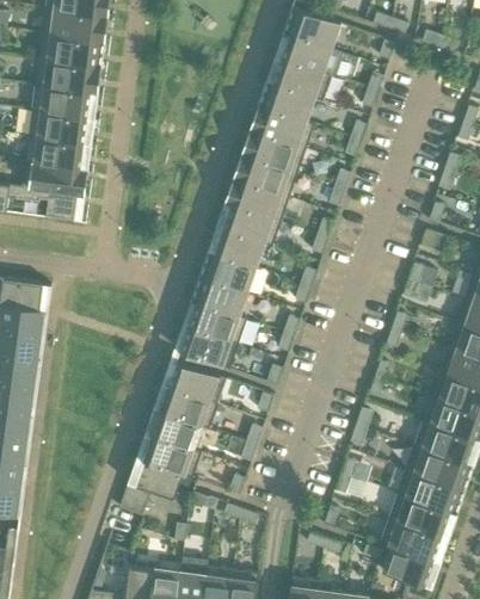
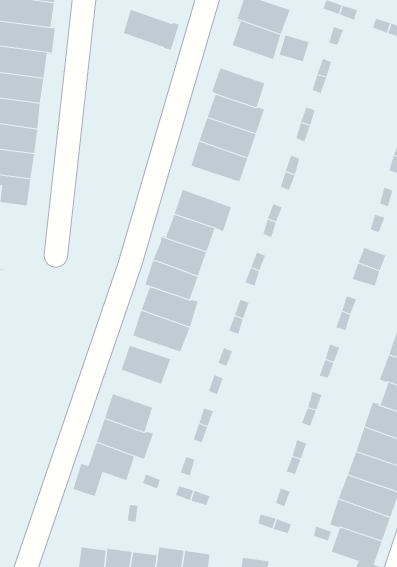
building: [269,57,331,99] -> [118,9,180,51]
building: [230,179,289,221] -> none
building: [160,385,219,427] -> none

